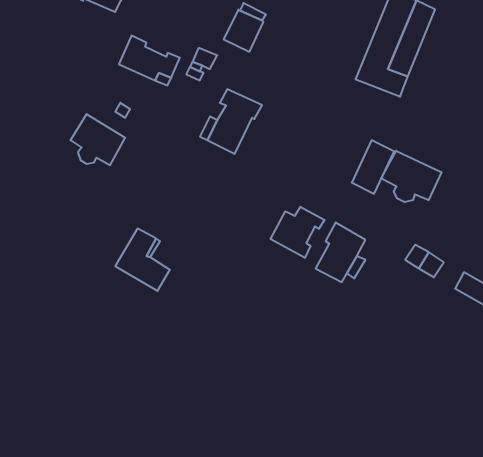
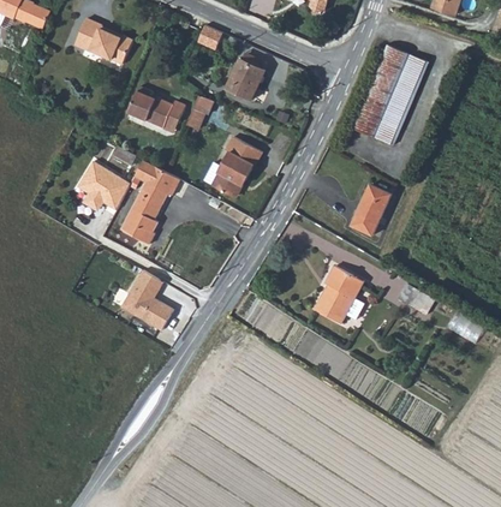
building: none -> [121,160,179,245]
building: [381,151,441,202] -> none
building: [271,207,325,258] -> none

